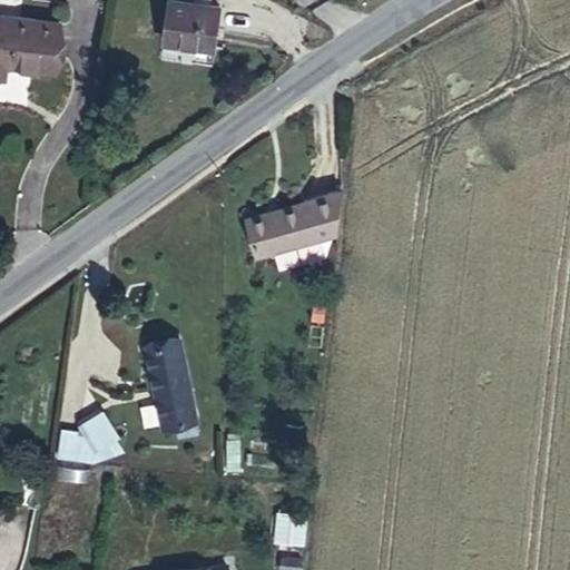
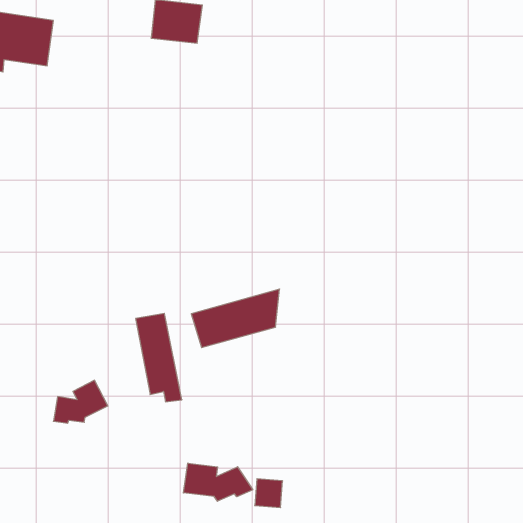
building: [246,194,342,257] -> [191,289,280,348]
building: none -> [183,463,253,501]

